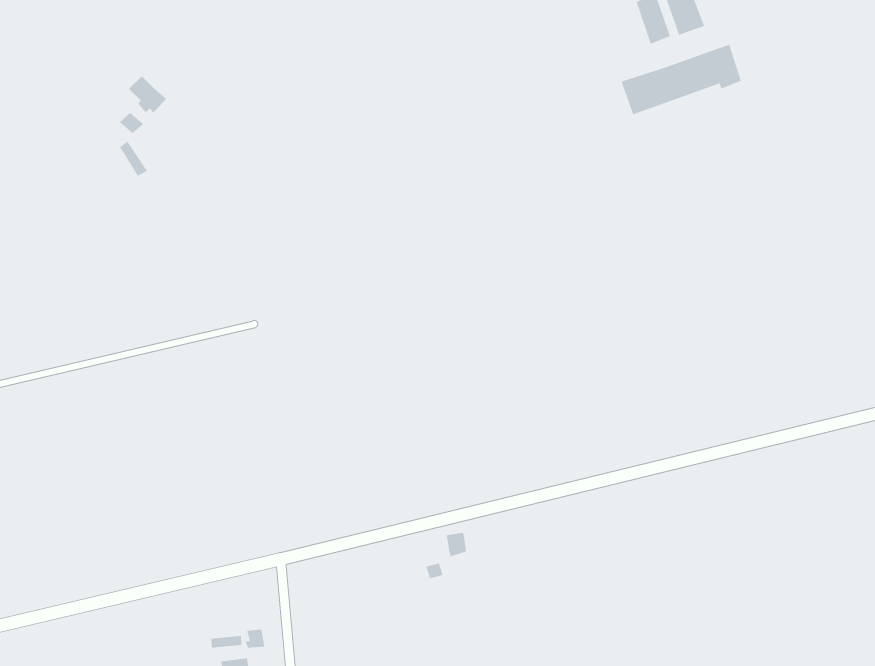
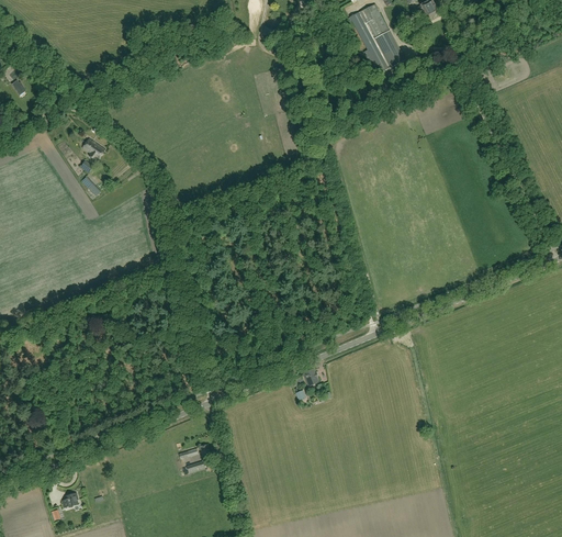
building: [621,44,742,115] -> none

